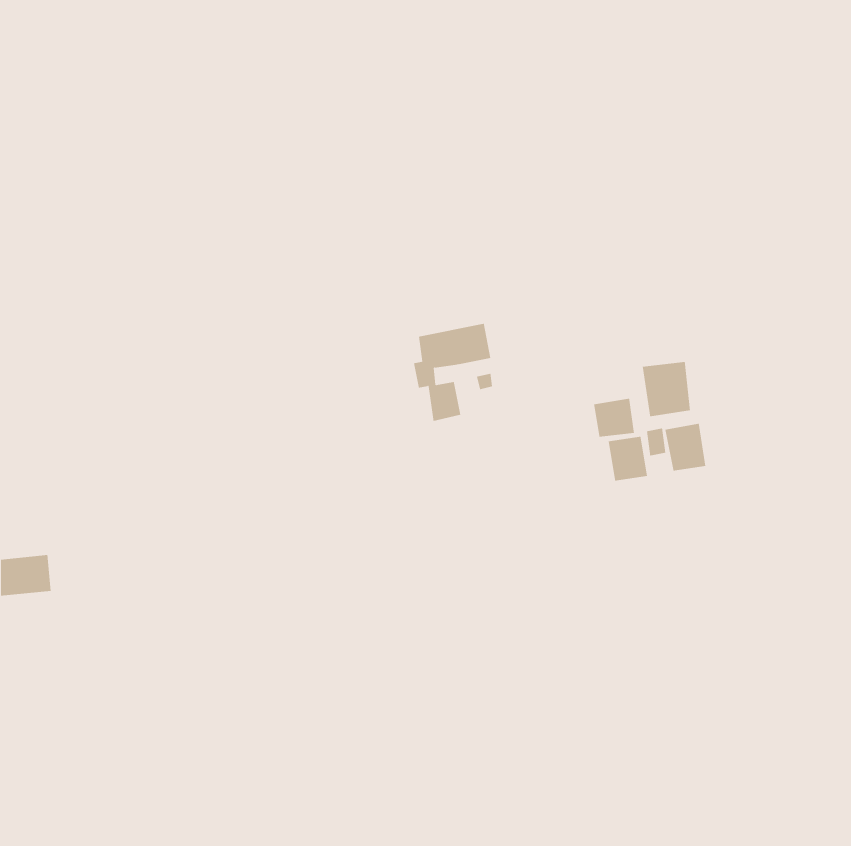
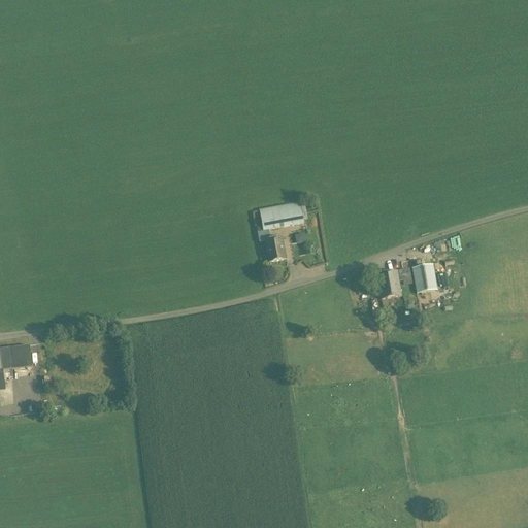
building: [642,361,691,417] -> none
building: [593,398,634,437] -> none

